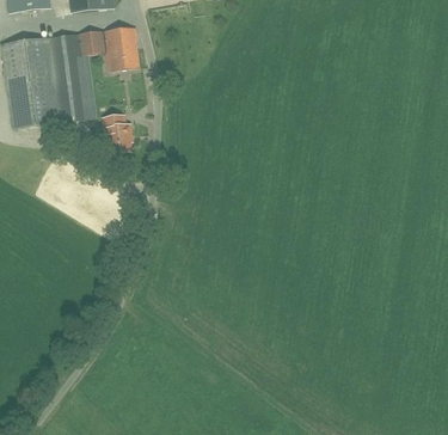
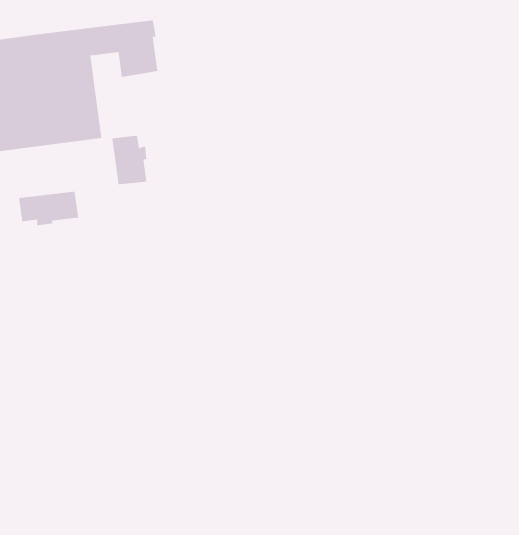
building: none -> [19,191,79,226]

